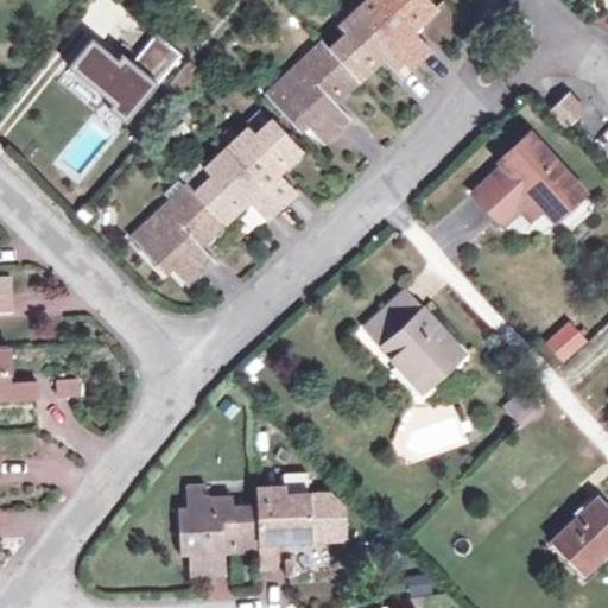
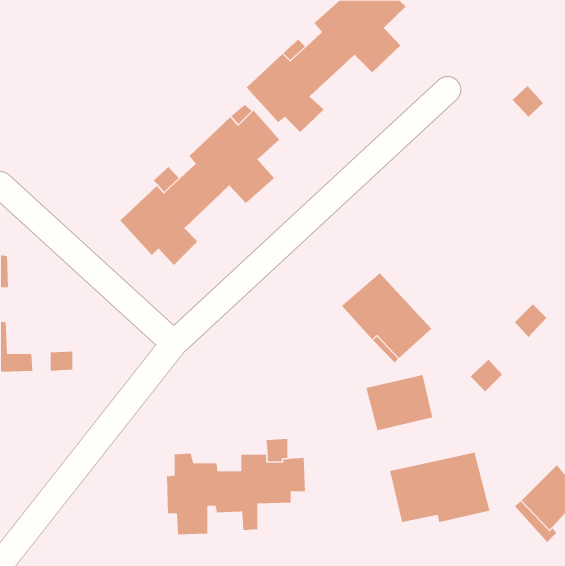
building: [69,34,182,122] -> none
building: [480,135,583,220] -> none
building: none -> [390,452,490,523]

